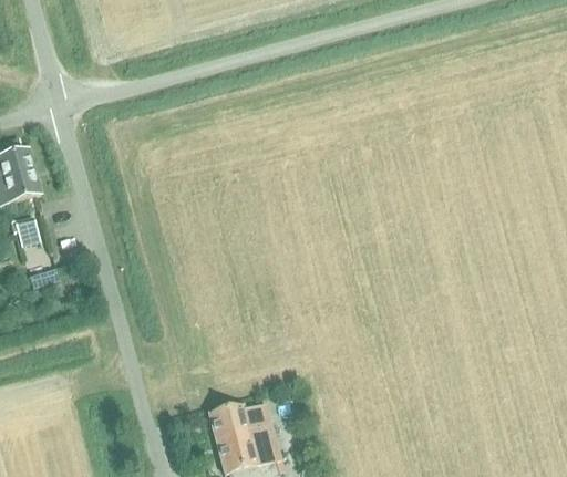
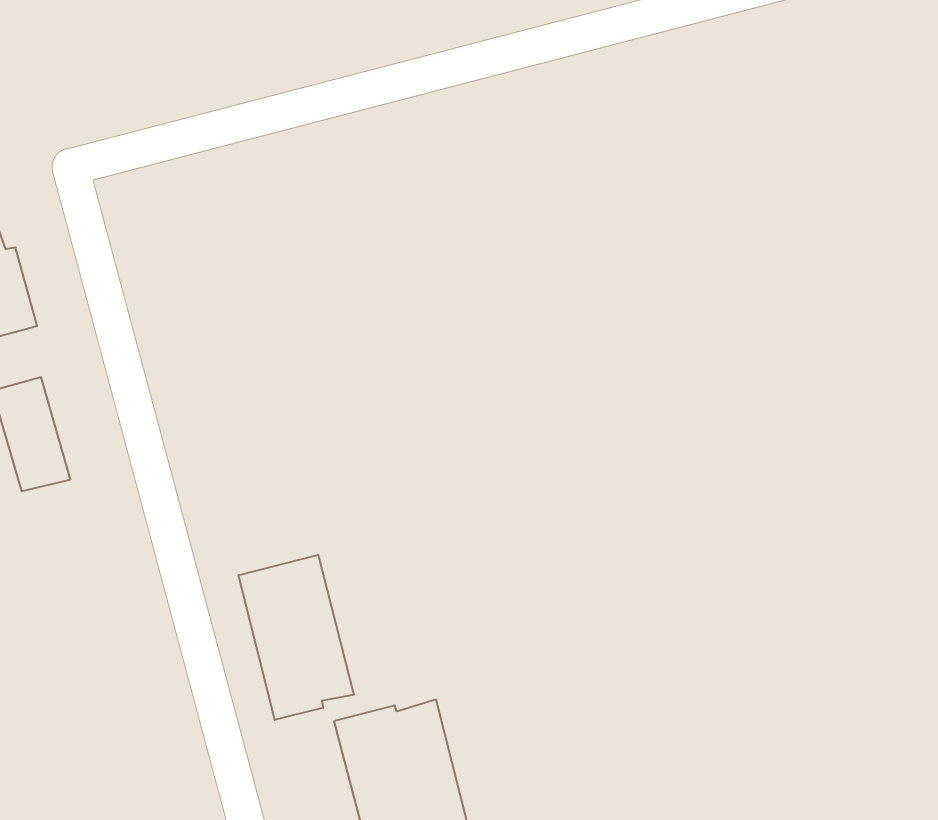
building: none -> [239,555,354,720]

